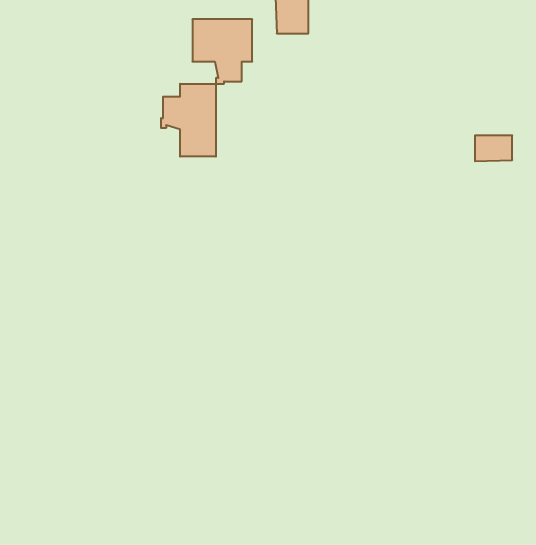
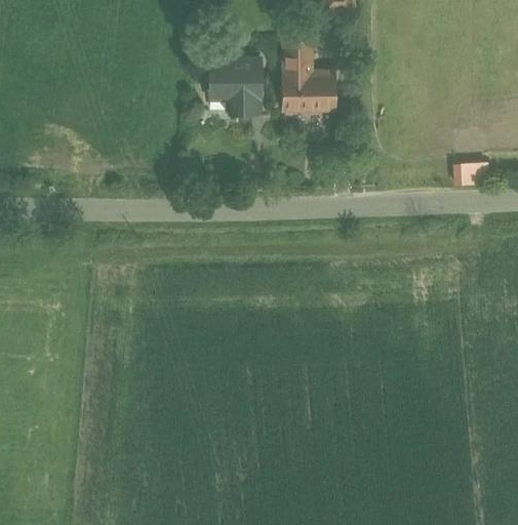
building: none -> [284,74,335,111]
building: [161,84,216,157] -> none

